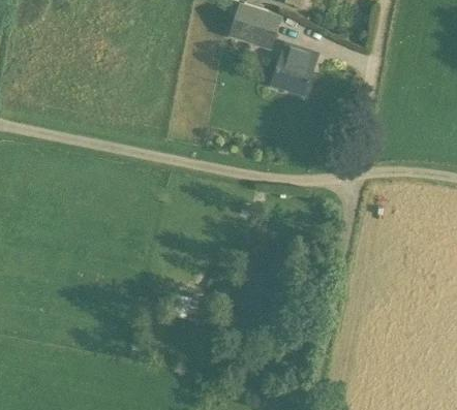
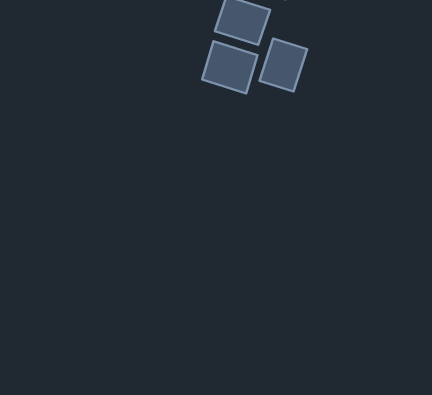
building: none -> [202,41,258,93]

